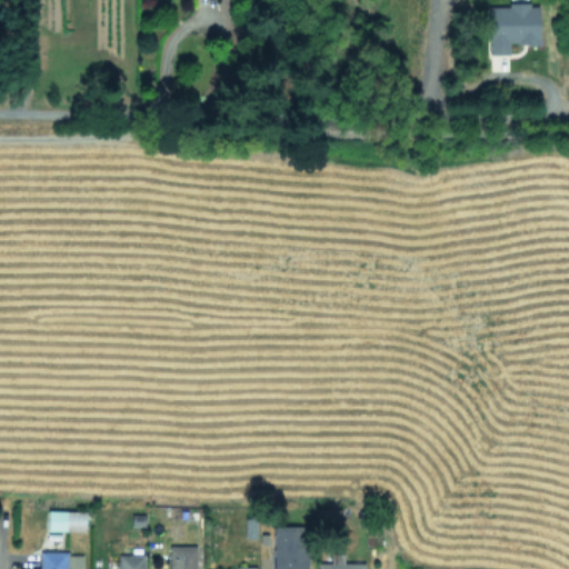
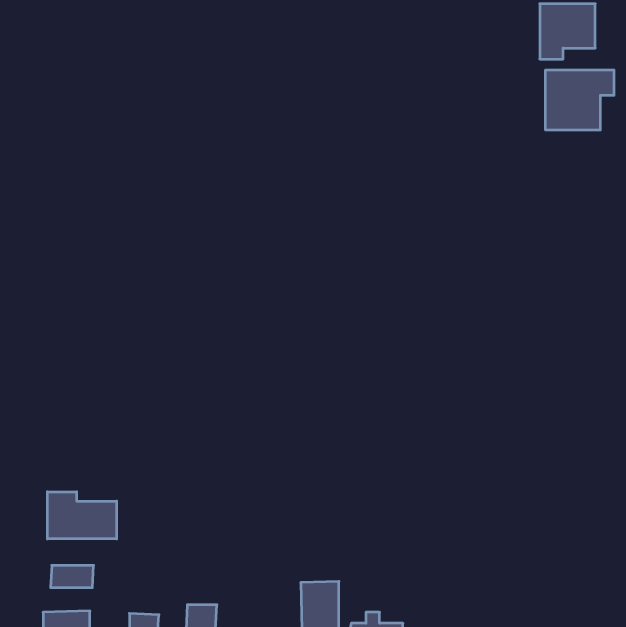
building: none -> [546,70,614,130]
building: none -> [47,492,117,539]

